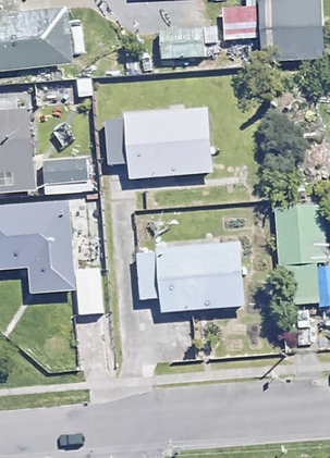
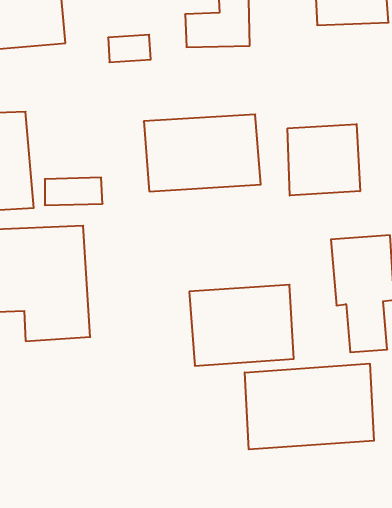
building: none -> [288,124,360,196]
building: none -> [245,364,374,449]

